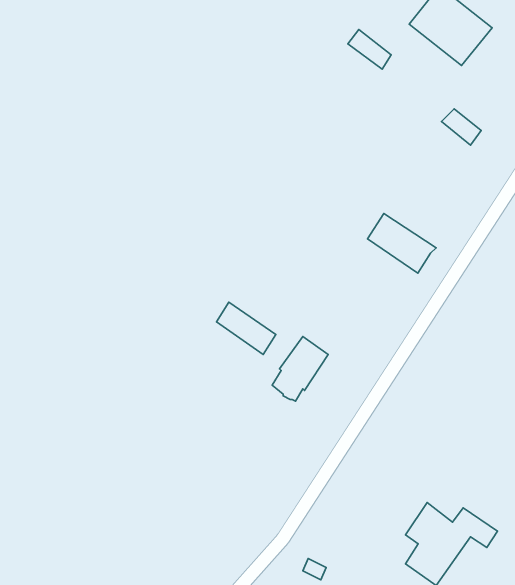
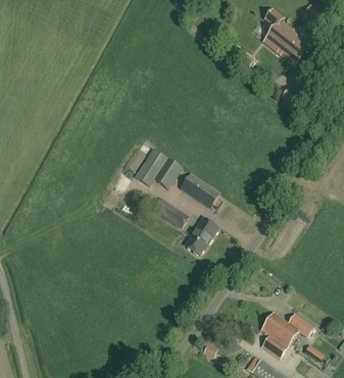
building: none -> [134,147,183,188]
building: [368,214,436,273] -> [181,173,219,207]

